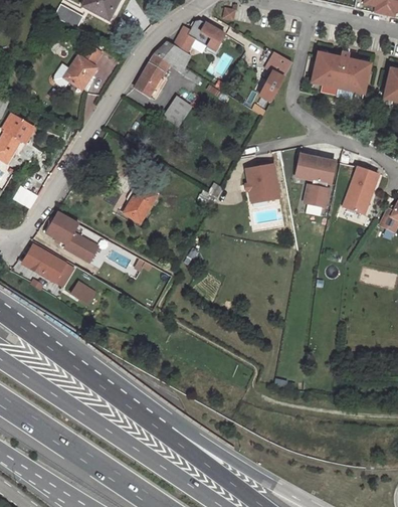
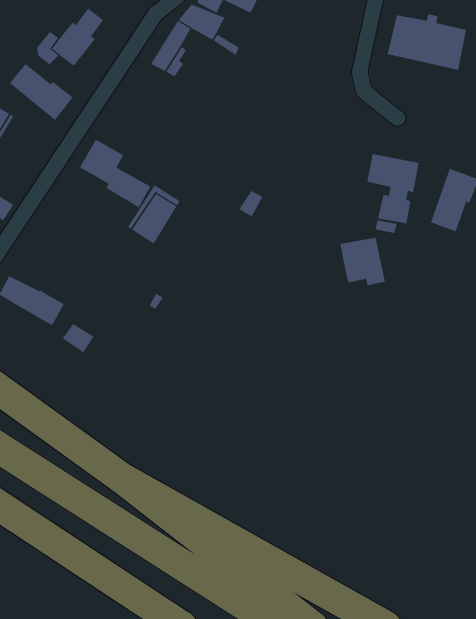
building: [261,52,292,100] -> none
building: none -> [9,63,74,121]
building: [164,95,192,124] -> none
building: [245,164,279,200] -> [340,237,386,286]
building: [45,210,98,262] -> [79,139,151,208]

